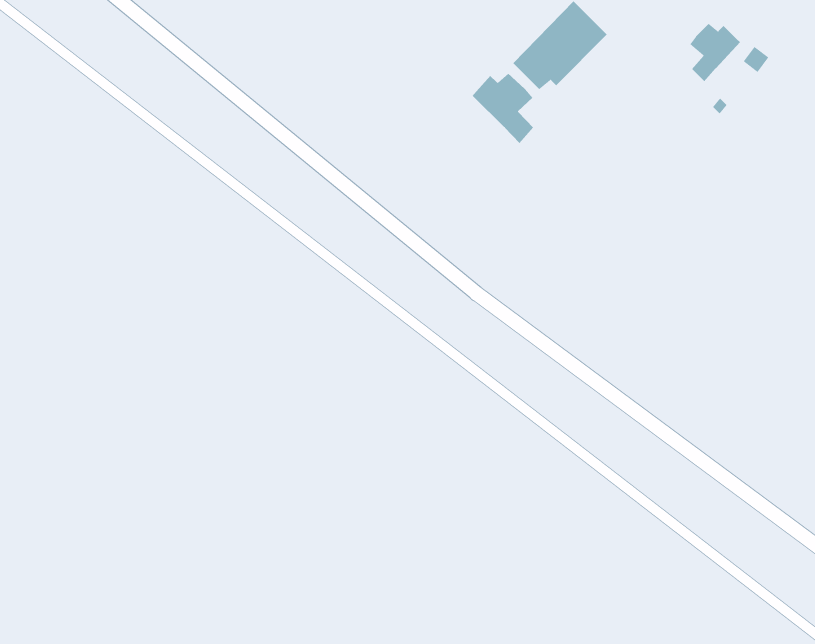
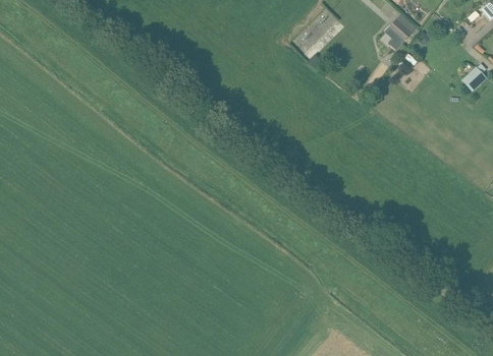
building: [472,73,534,144] -> none

